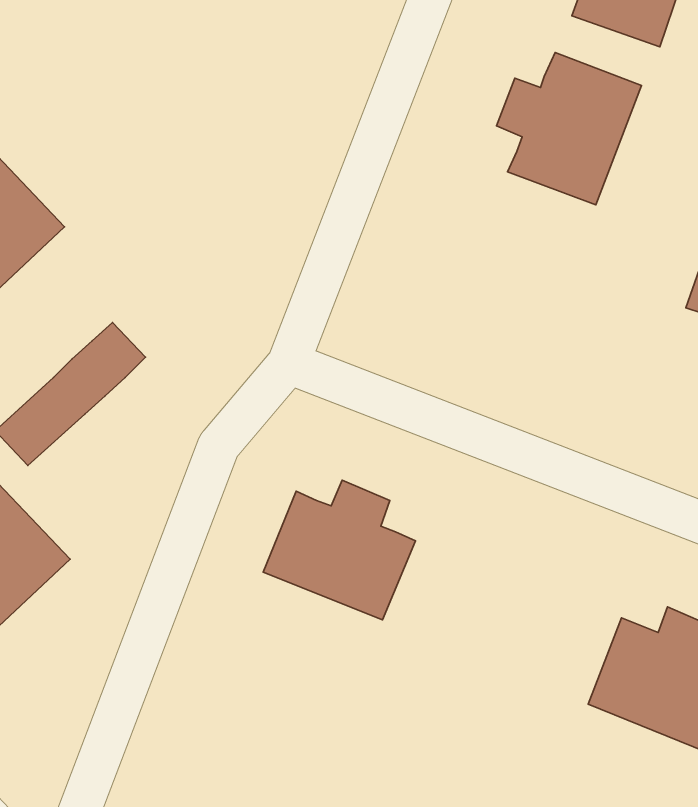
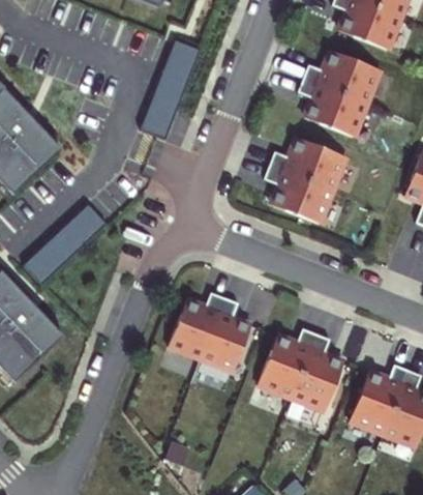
building: none -> [137,39,198,139]
building: none -> [269,138,351,224]
building: none -> [262,327,349,410]

